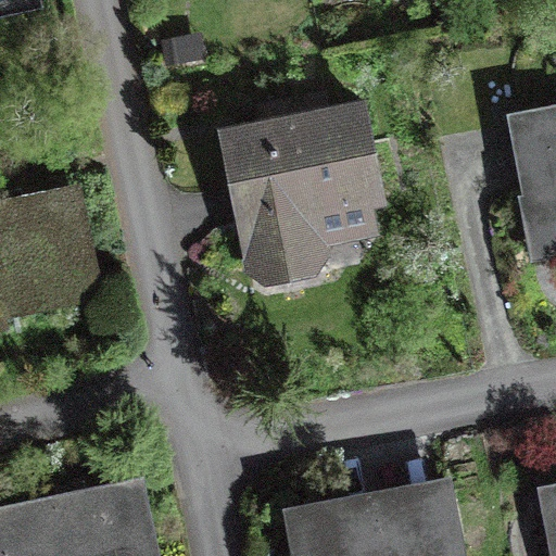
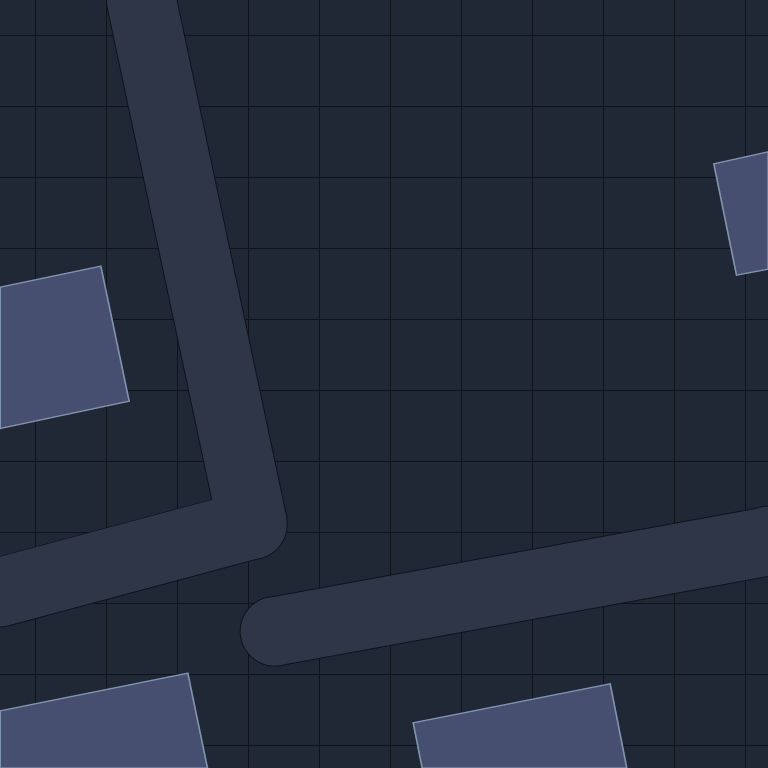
building: [223,94,380,268] -> none

